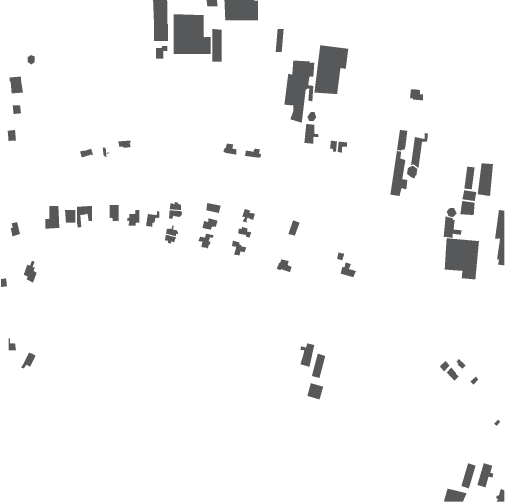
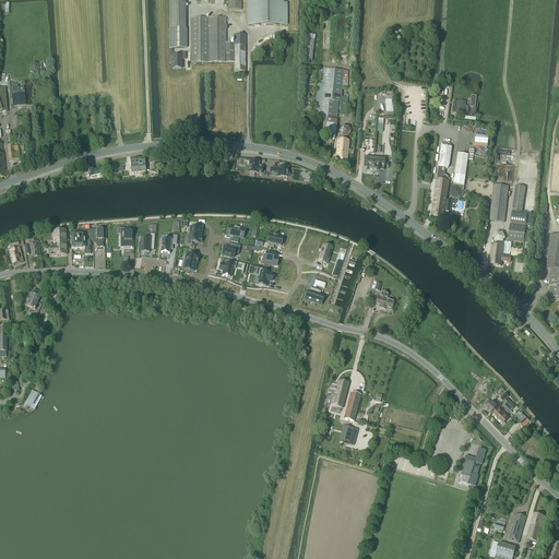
building: [314,44,349,95] -> none
building: [477,163,494,197] -> [489,182,508,219]
building: [444,237,479,280] -> none
building: none -> [462,445,486,488]

